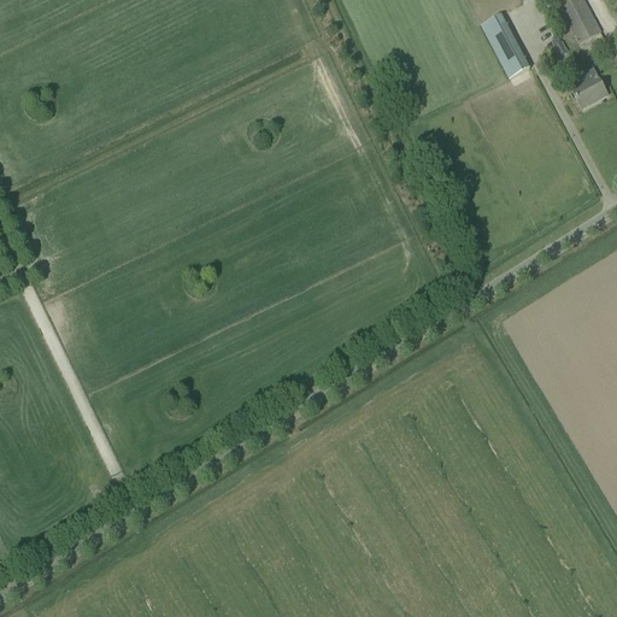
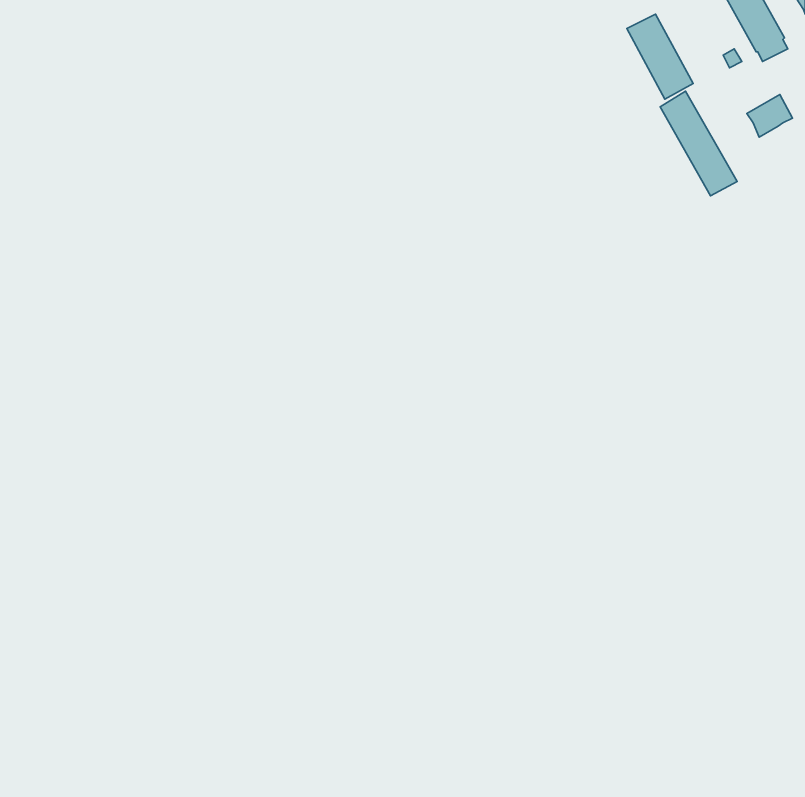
building: none -> [660,91,737,196]

